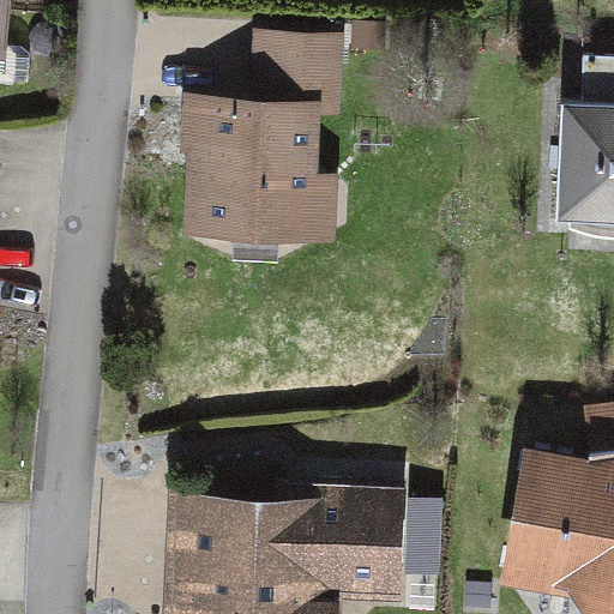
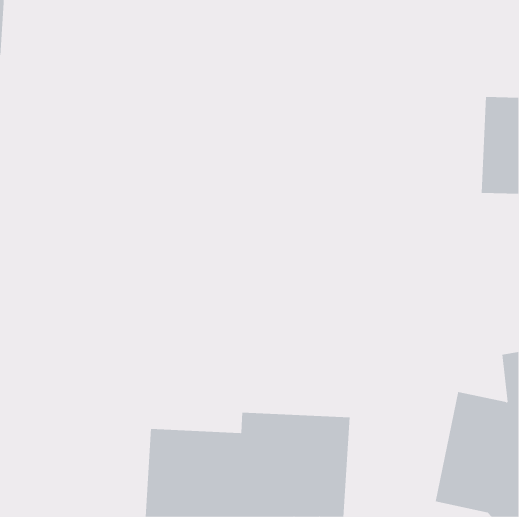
building: [176,35,347,243] -> none

